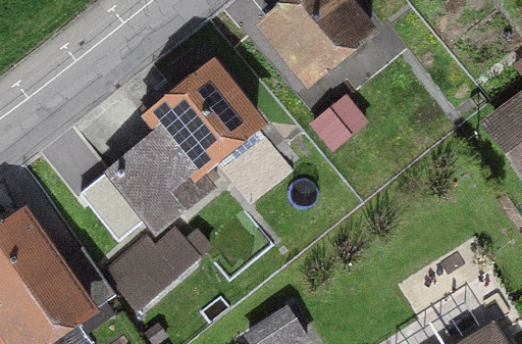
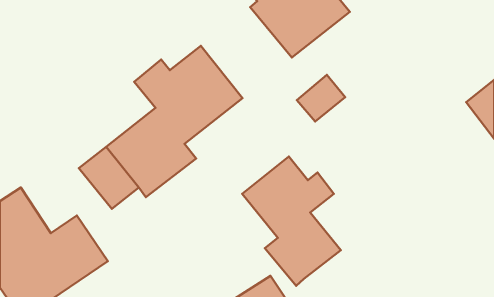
building: none -> [242,156,341,286]
building: [107,233,195,308] -> none

